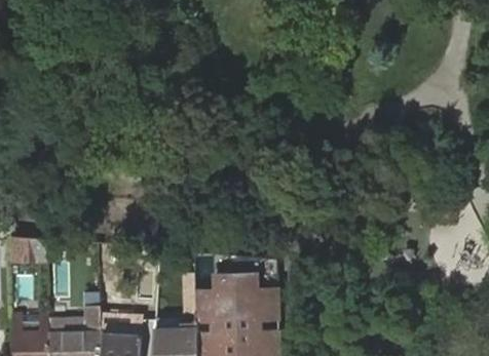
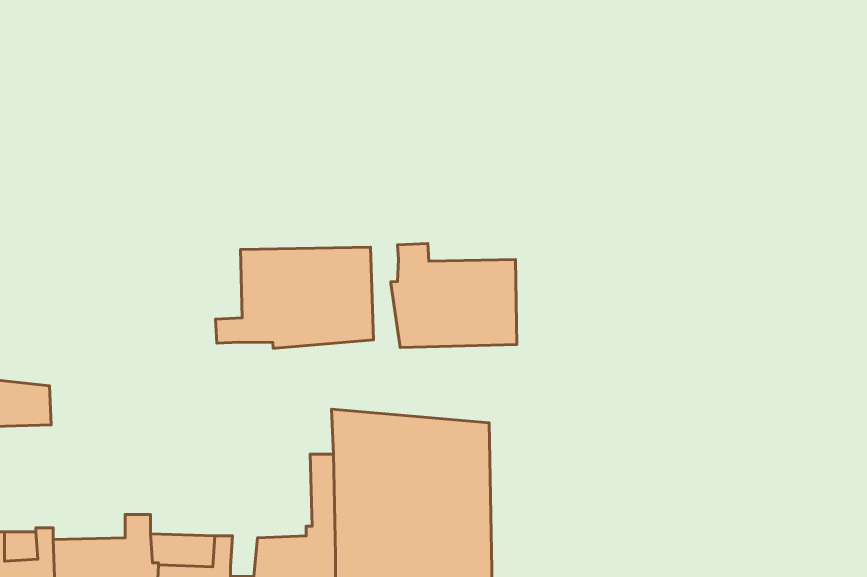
building: none -> [391,244,517,347]
building: none -> [215,247,374,348]

